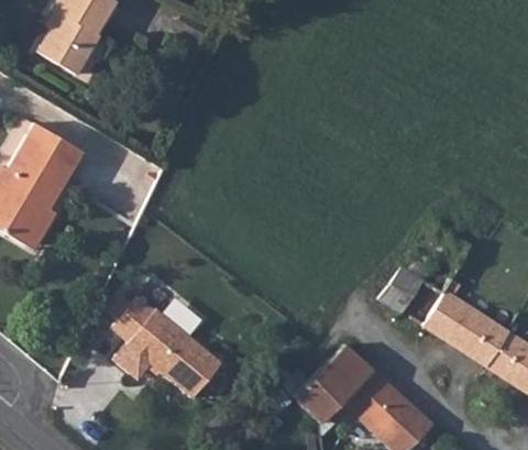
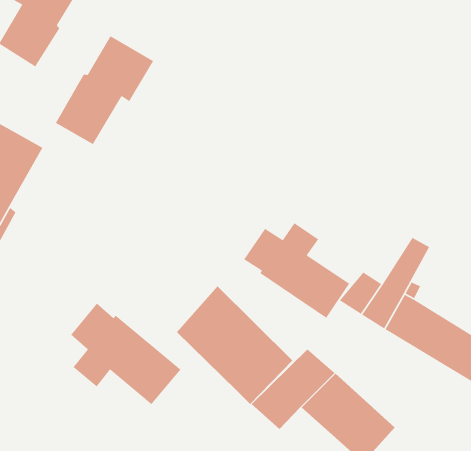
building: none -> [55,35,154,145]
building: none -> [243,222,350,319]
building: none -> [176,285,293,405]

